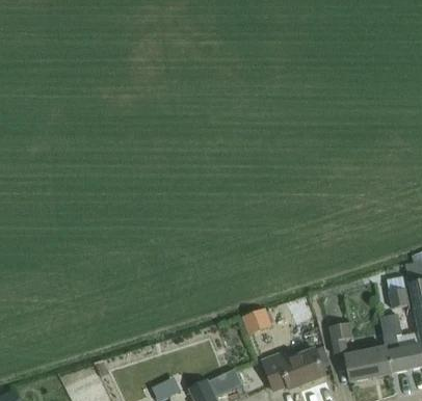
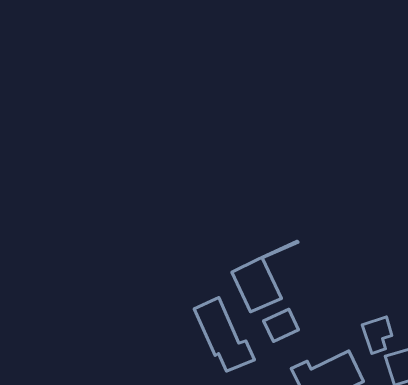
building: none -> [232,241,298,312]
building: none -> [194,298,255,371]

